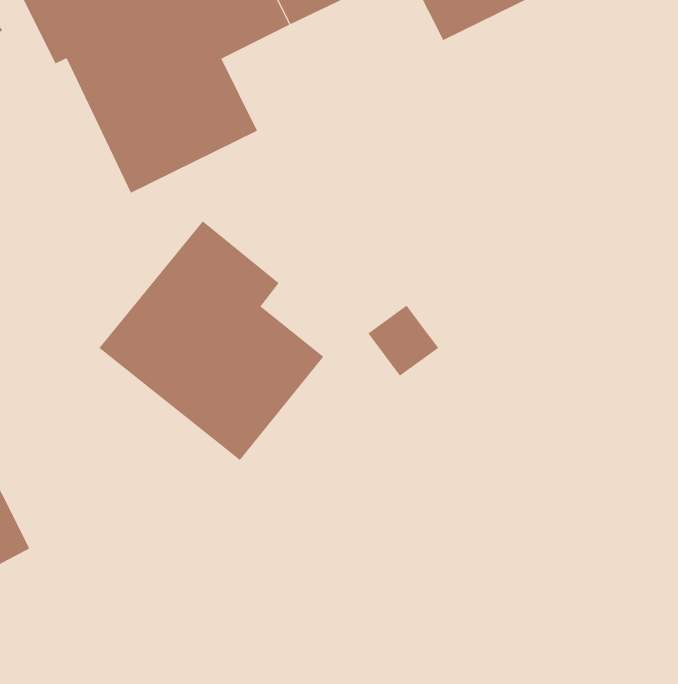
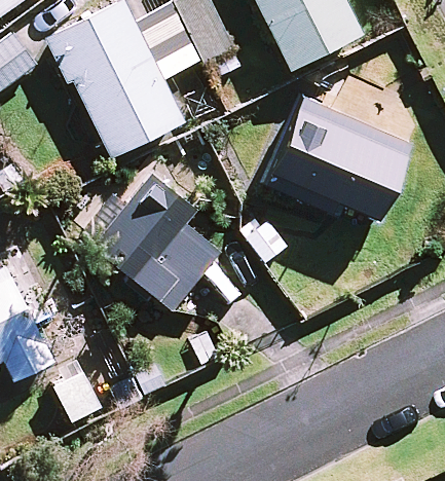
building: none -> [265,98,413,220]

